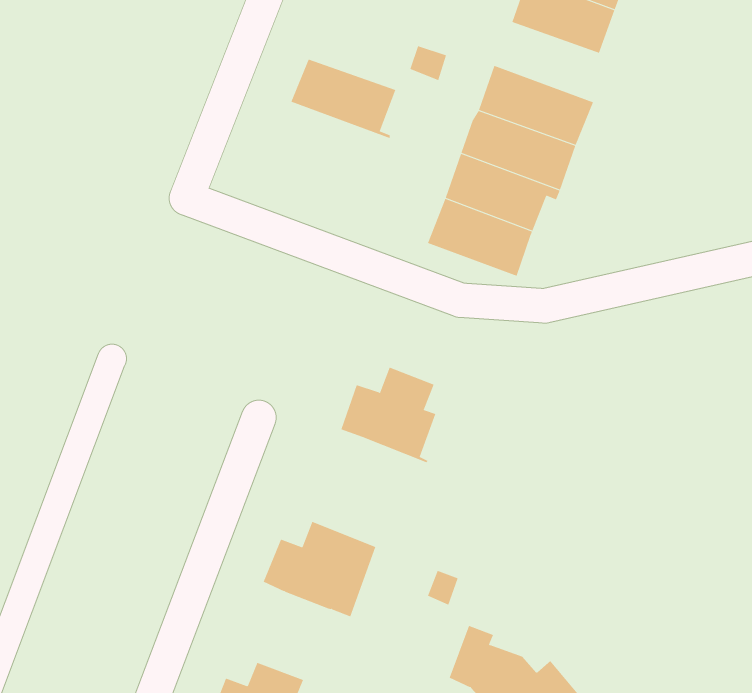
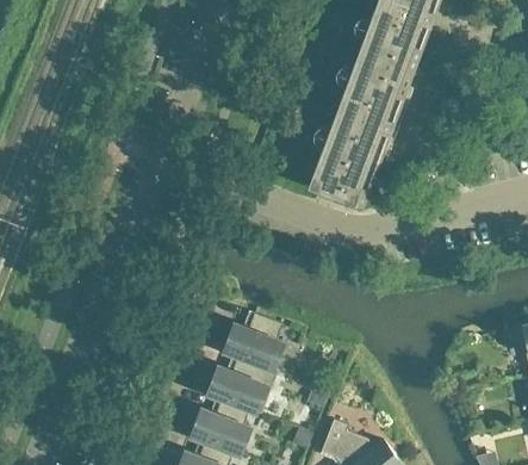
building: [291,59,396,139] -> [348,51,412,100]
building: [340,367,436,463] -> [224,312,282,371]
building: none -> [191,398,249,453]

